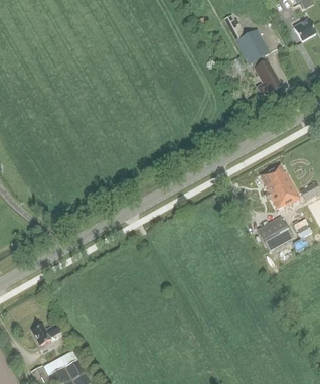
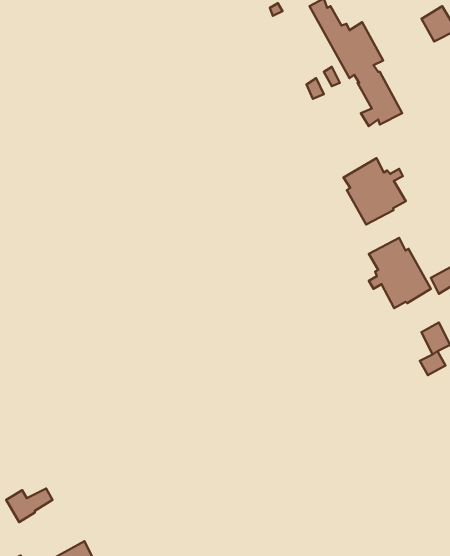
building: none -> [343,158,406,225]
building: [257,217,293,251] -> none

